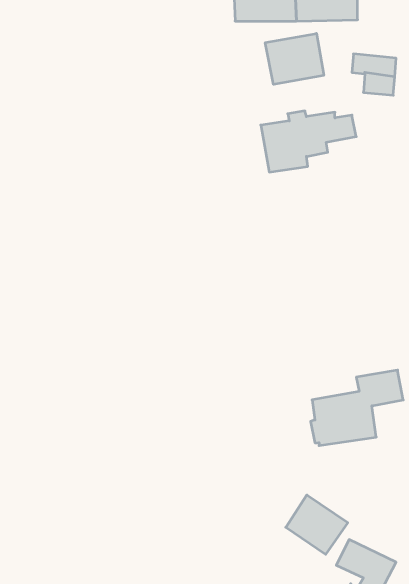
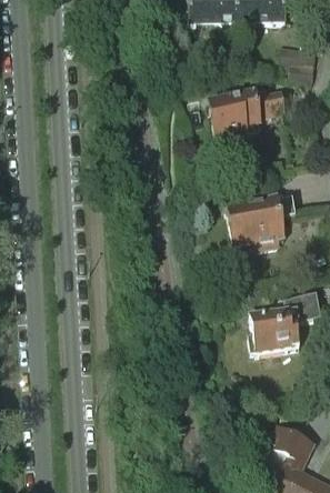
building: [265,33,324,84] -> none
building: none -> [227,193,294,248]
building: [286,495,348,554] -> none

